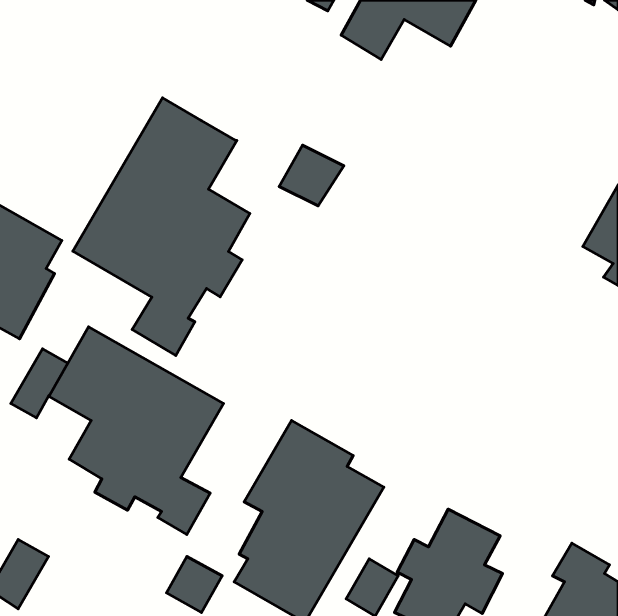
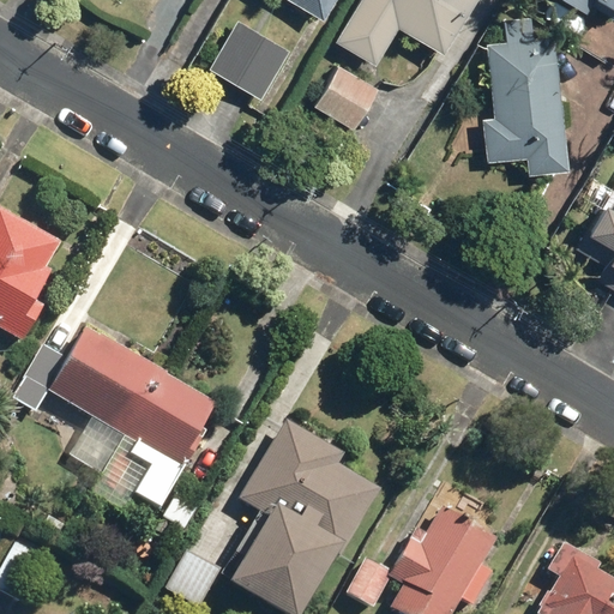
building: none -> [481,13,568,174]
building: none -> [211,22,289,97]
building: [73,98,250,356] -> none
building: [279,145,344,206] -> [314,66,378,126]

